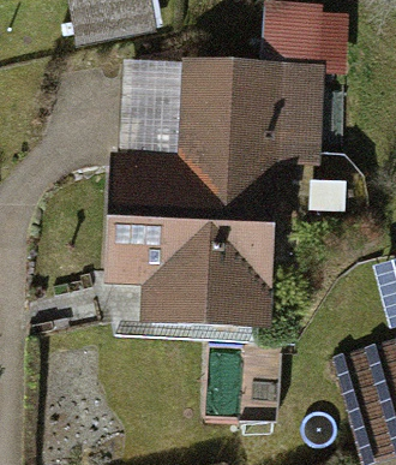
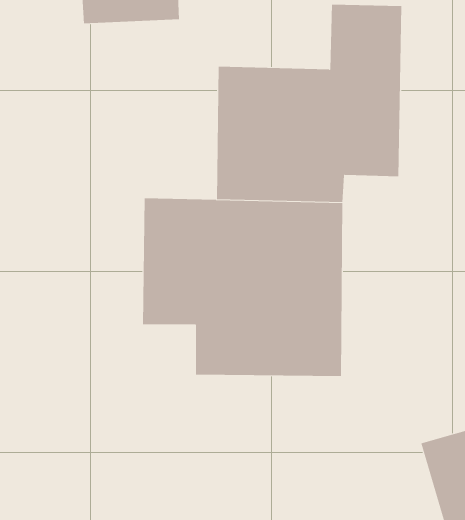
building: [119,66,178,172] -> none

